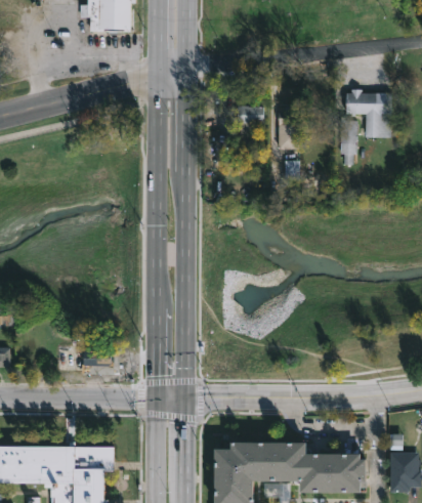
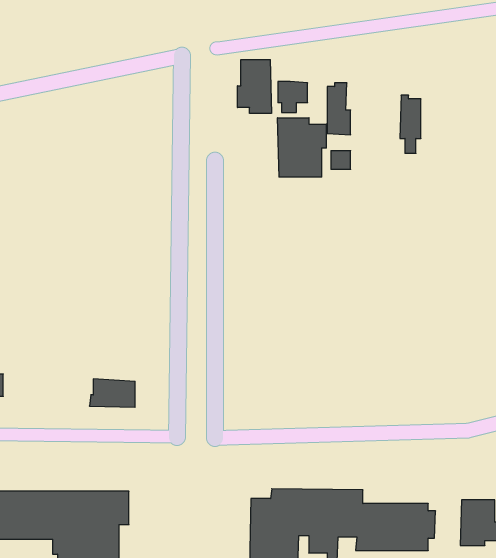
building: none -> [238,60,271,113]
building: [345,88,391,136] -> none
building: none -> [278,118,326,177]

